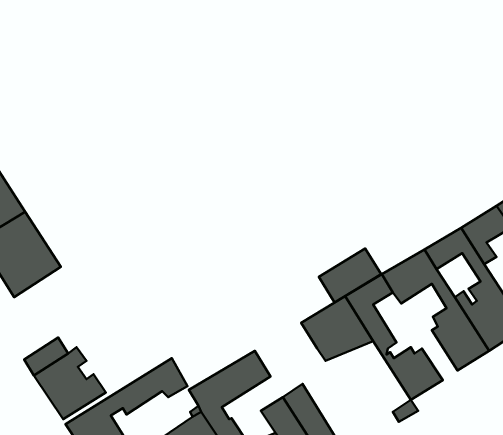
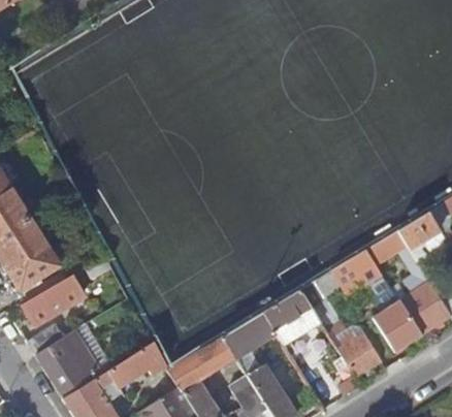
building: [319,249,381,302] -> [223,312,276,357]
building: none -> [22,275,83,325]

